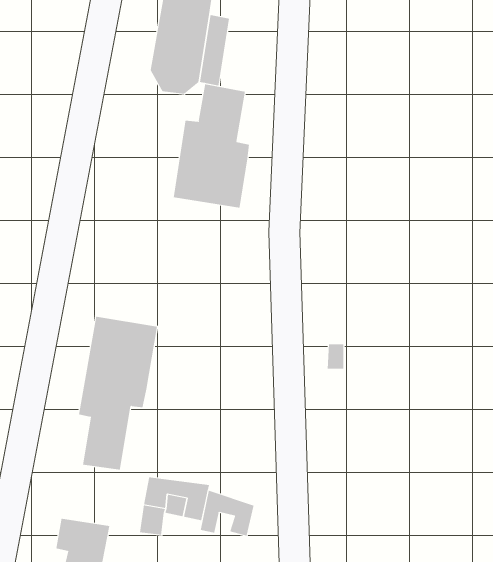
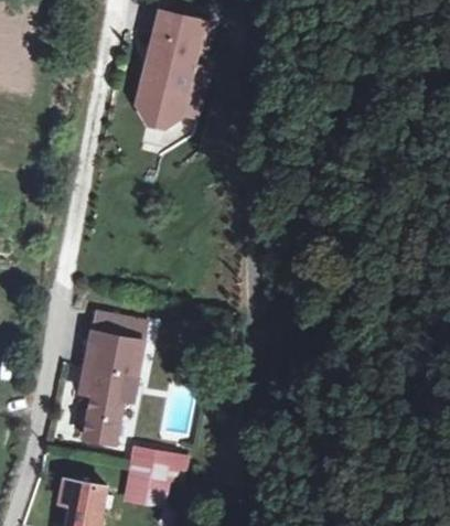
building: [173,83,250,208] -> none
building: [200,490,254,537] -> none

